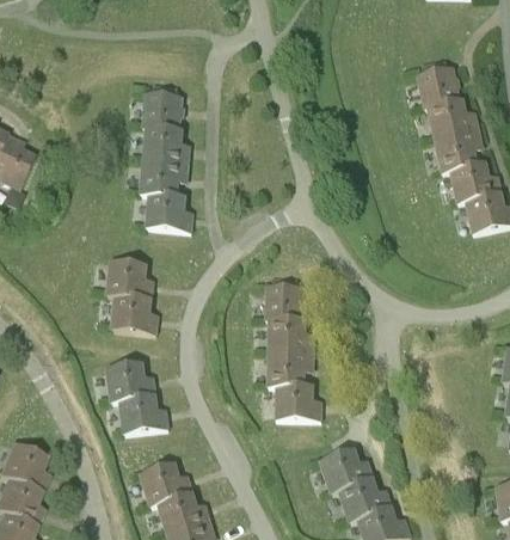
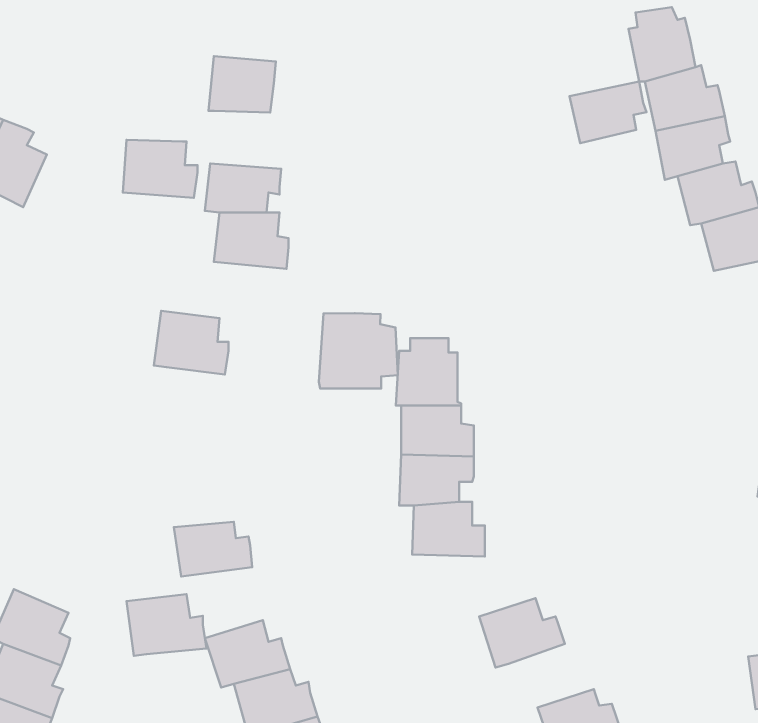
building: none -> [570,82,646,143]
building: [141,128,190,166] -> [123,140,198,198]
building: none -> [319,313,398,389]
building: [109,296,158,333] -> none
building: [104,362,156,403] -> [126,594,206,656]
building: [337,478,393,522] -> none

